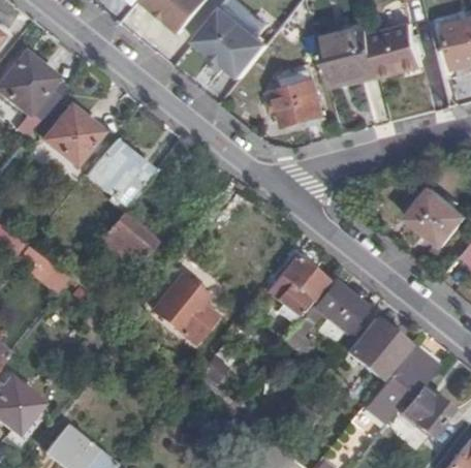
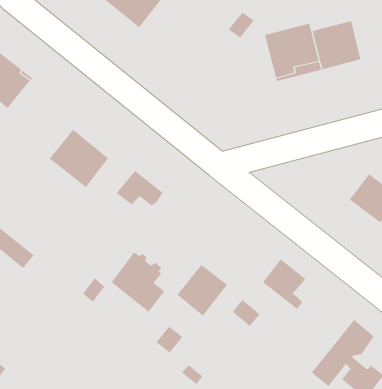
building: [195,6,271,80] -> none
building: [277,79,325,128] -> none
building: [43,108,111,174] -> none
building: [101,217,153,256] -> [116,170,163,206]
building: [269,258,324,315] -> [176,264,228,316]
building: [350,320,408,378] -> none

